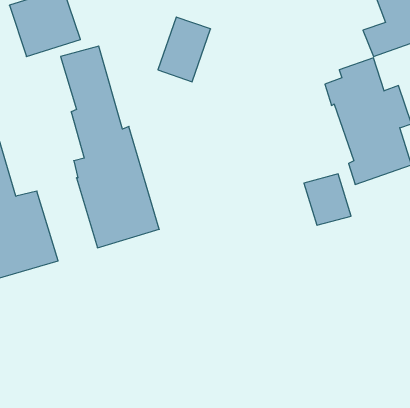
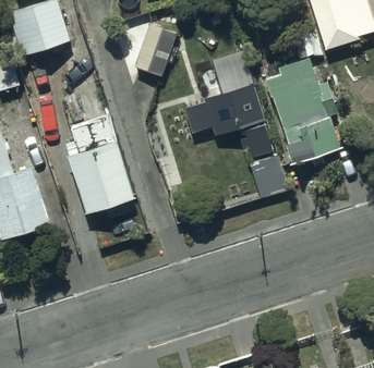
building: none -> [188,51,276,156]

